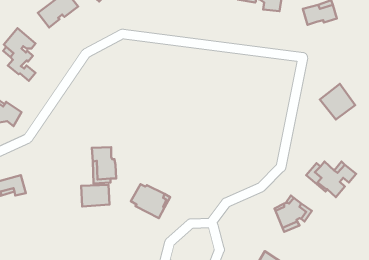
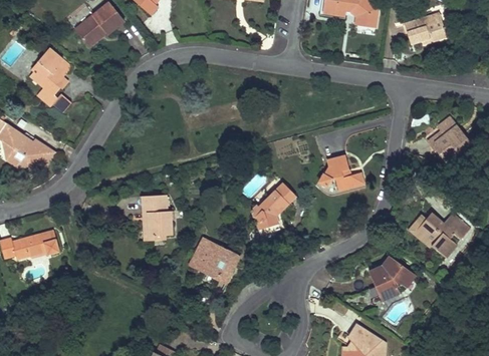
building: none -> [318,154,363,189]
building: none -> [251,183,295,229]
building: [81,185,110,206] -> none

